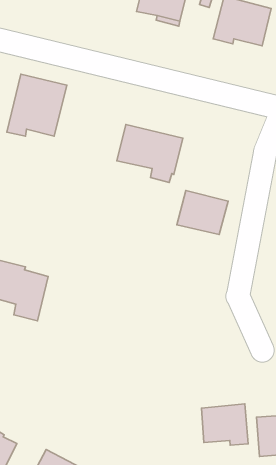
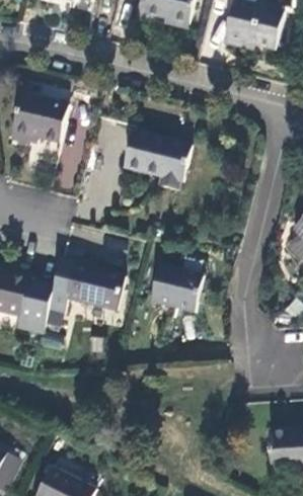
building: [177,190,228,235] -> [150,265,203,311]
building: none -> [66,260,124,311]
building: [201,404,248,445] -> none

